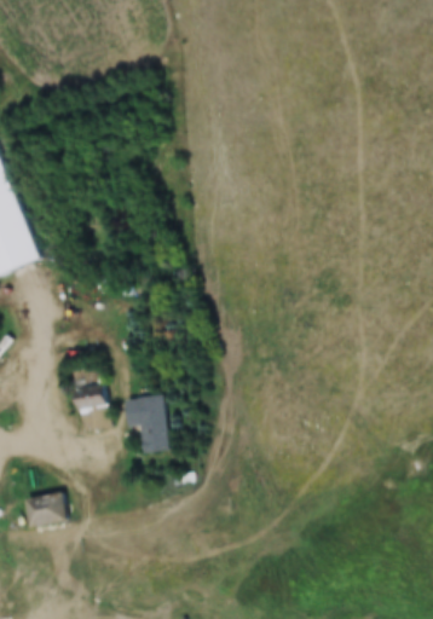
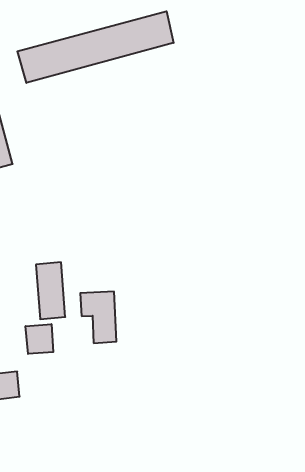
building: none -> [17,11,174,83]
building: none -> [26,324,53,354]

